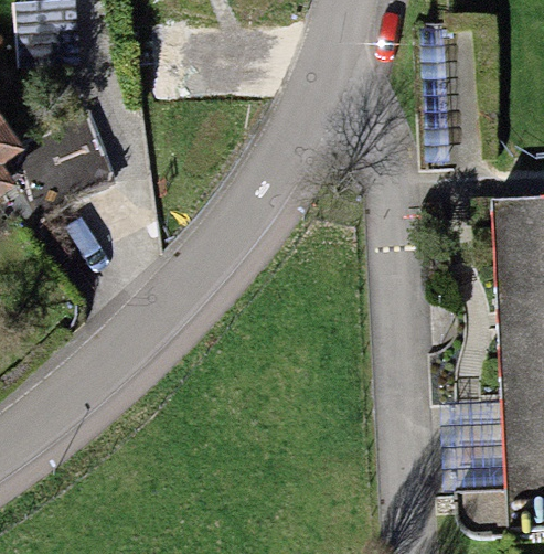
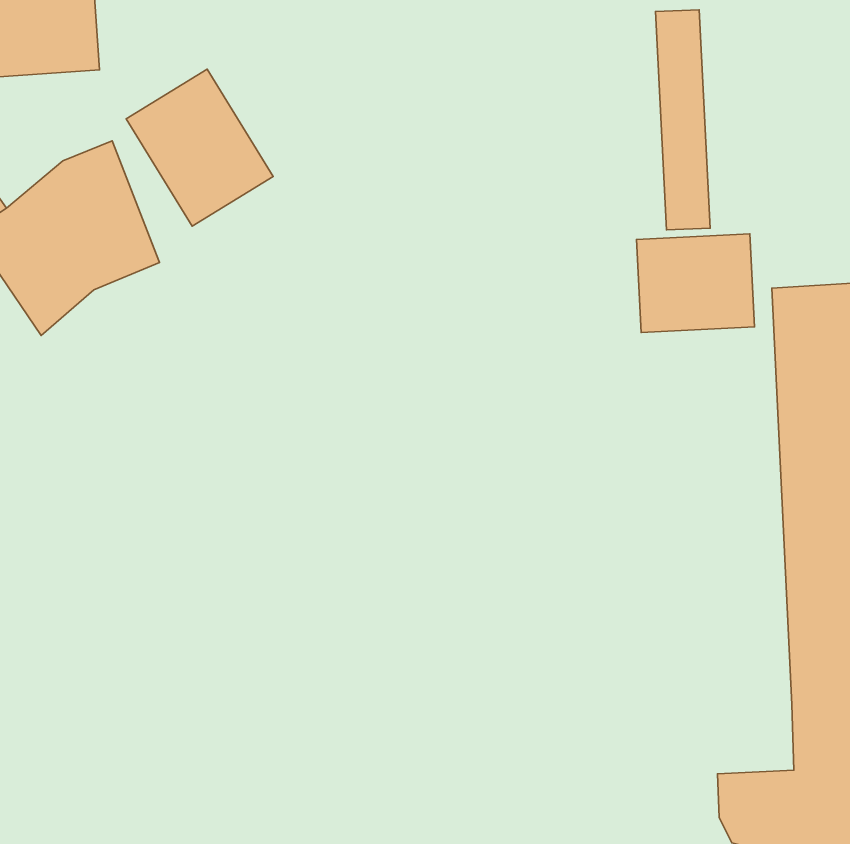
building: none -> [126,69,273,226]
building: none -> [637,234,754,333]

